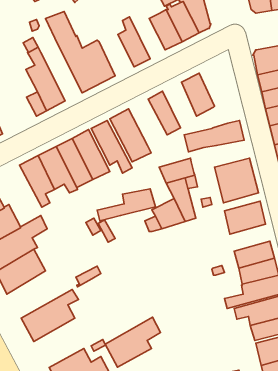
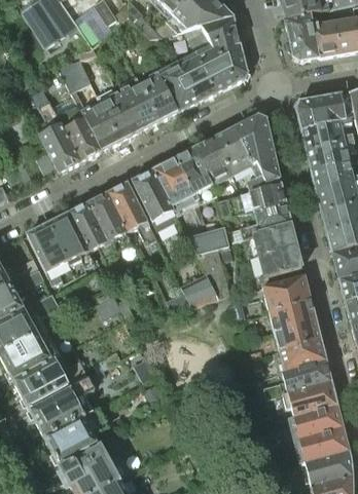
building: none -> [153,62,194,112]
building: none -> [119,79,158,129]
building: none -> [51,96,99,160]
building: none -> [234,115,278,191]
building: none -> [191,139,230,191]
building: none -> [152,160,193,212]
building: [97,189,155,221] -> [224,205,291,242]
building: none -> [268,302,315,333]
building: none -> [12,354,86,407]
building: [105,317,161,367] -> [43,406,107,463]

